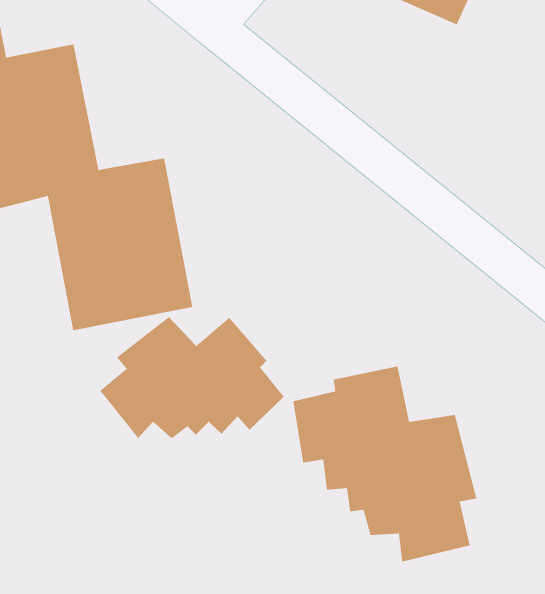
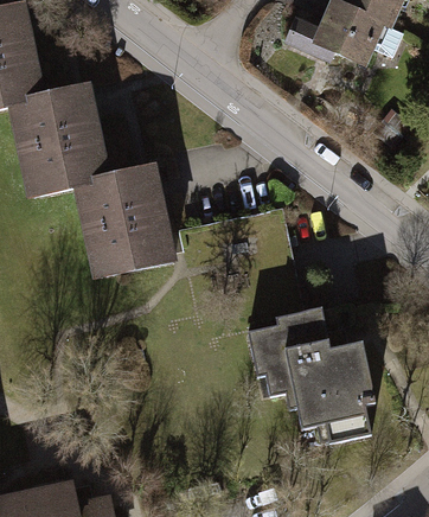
building: [99,316,284,439] -> none

